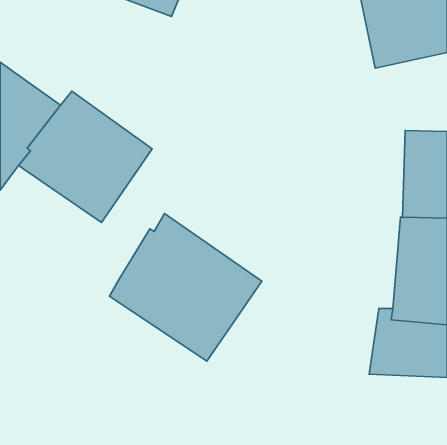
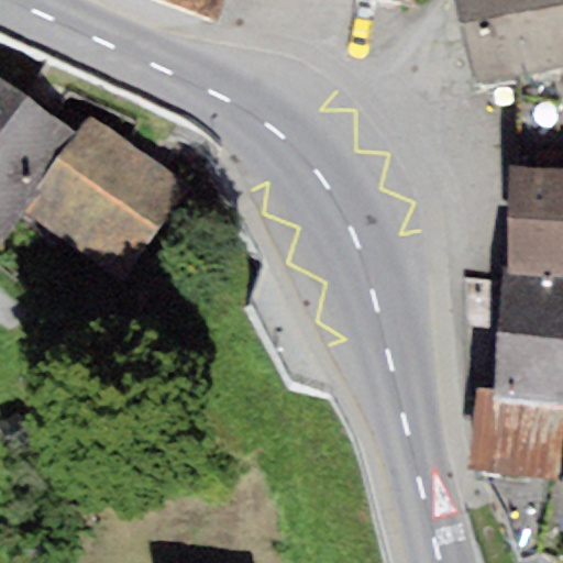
building: [110,213,262,361] -> none

